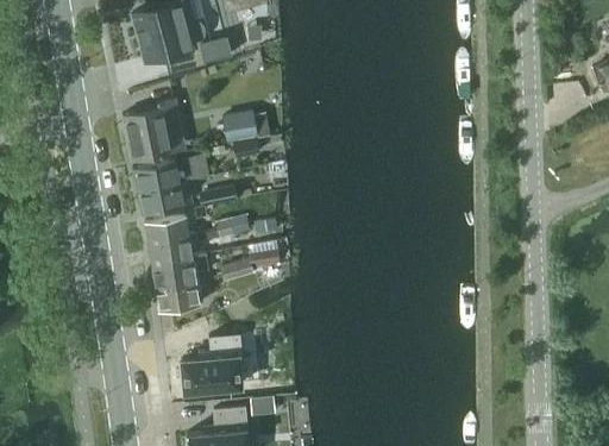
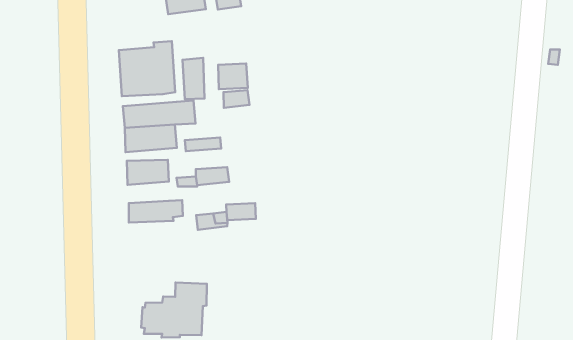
building: none -> [183,58,205,99]
building: [149,238,192,264] -> none
building: [155,276,199,310] -> none

